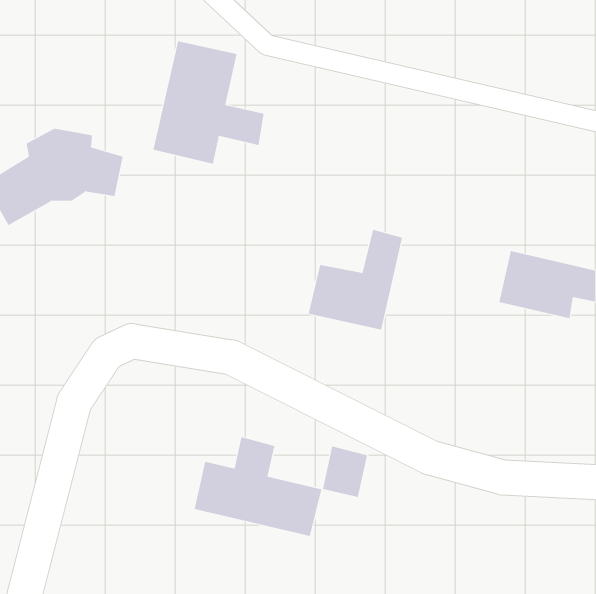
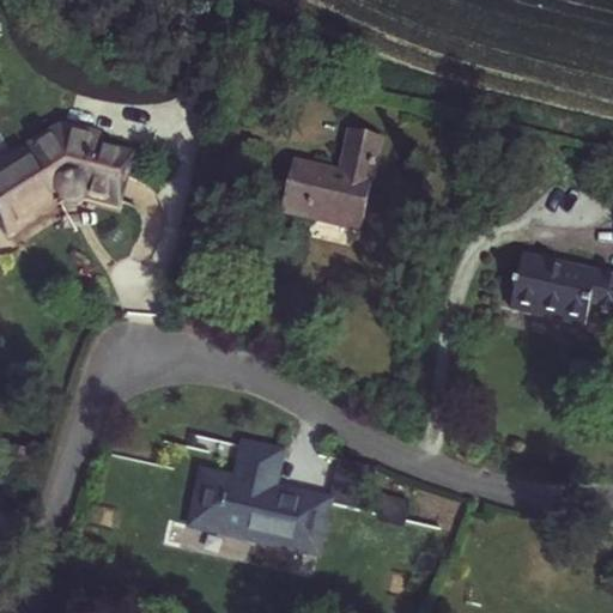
building: [153,41,264,164] -> none
building: [308,229,403,330] -> [283,123,380,226]

